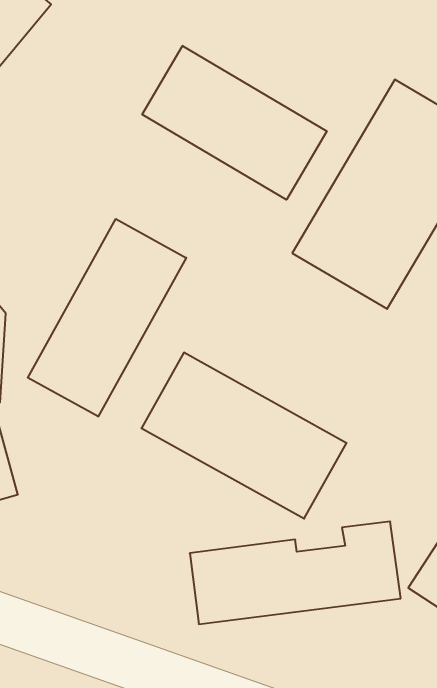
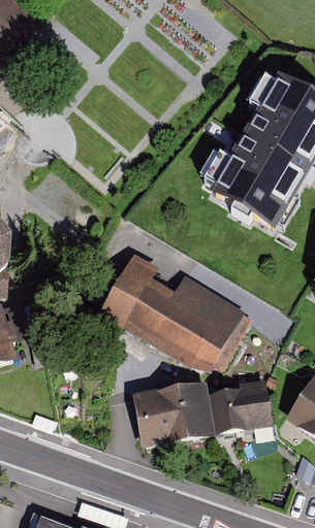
building: [142,46,327,200] -> none
building: [28,219,186,417] -> none

